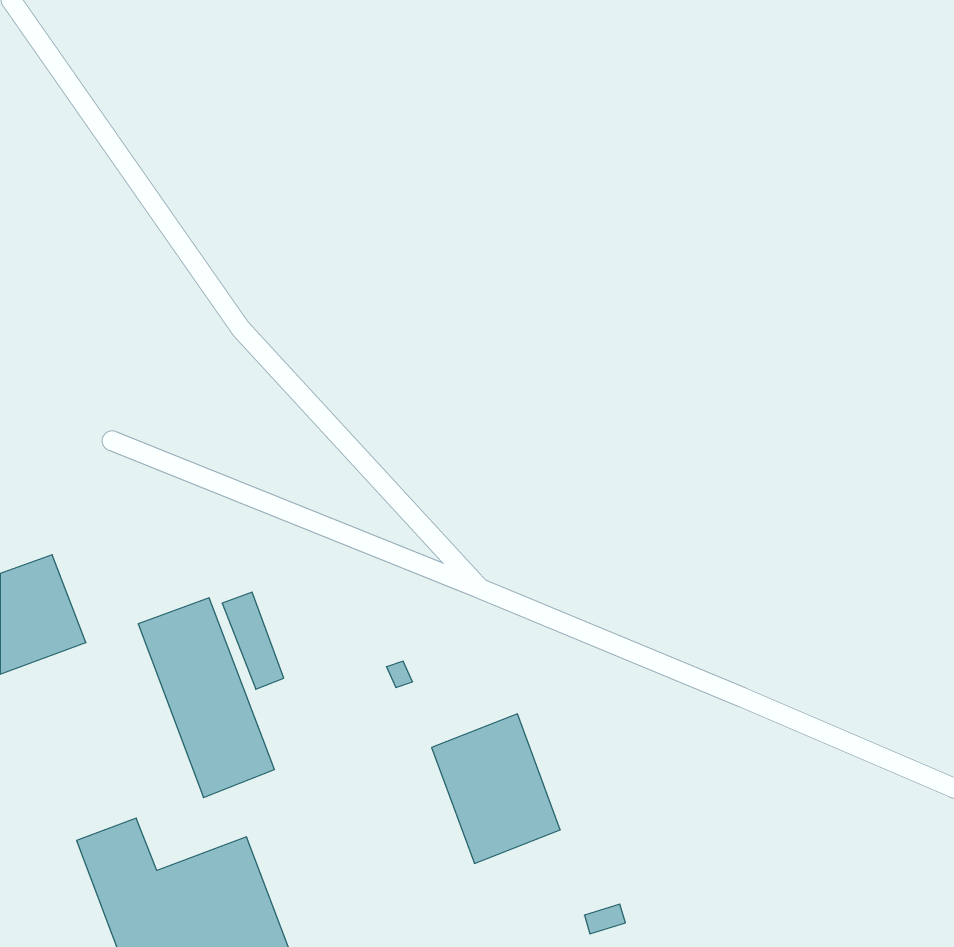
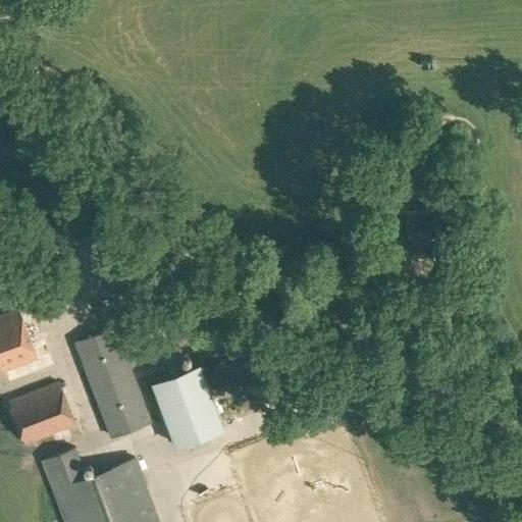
building: none -> [8,385,74,446]
building: [432,714,560,863] -> [152,366,222,448]

